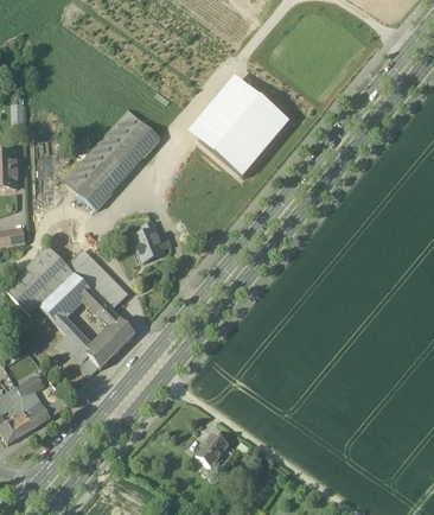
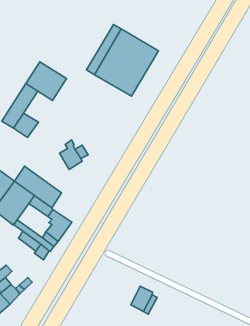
building: [95,150,136,191] -> none

